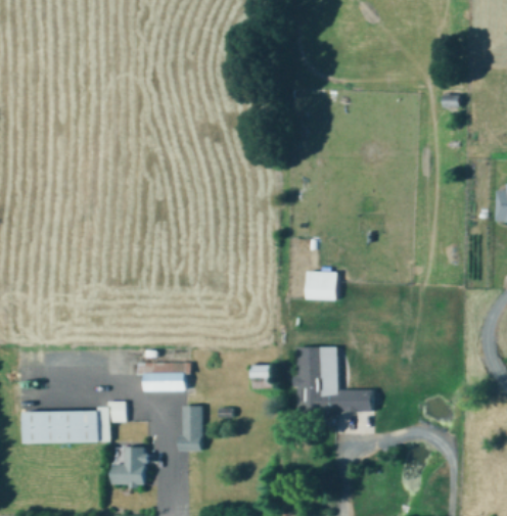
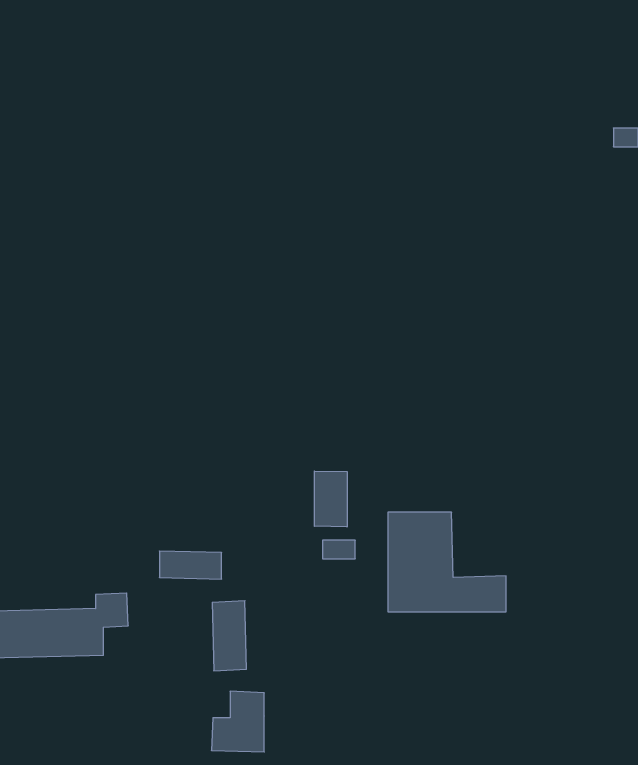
building: [306,271,337,299] -> none
building: none -> [314,471,347,527]
building: [111,445,146,485] -> [211,691,264,752]

